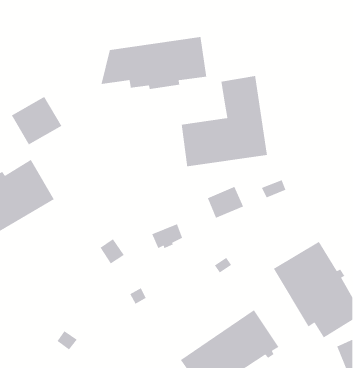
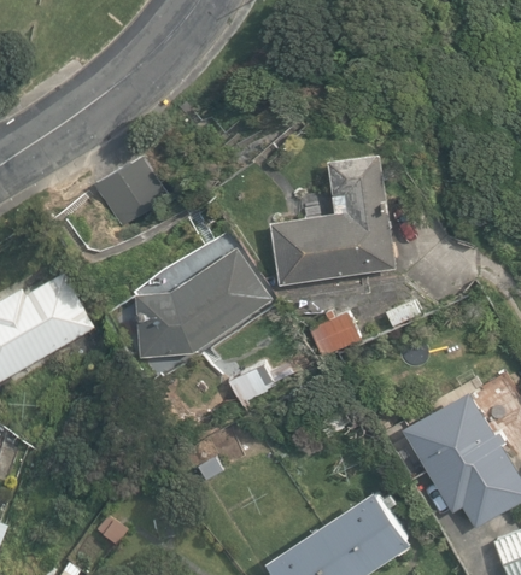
building: [101,36,207,90] -> none
building: [11,96,62,146] -> [95,158,169,229]
building: none -> [136,247,274,358]

